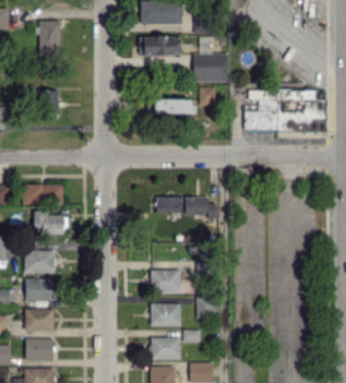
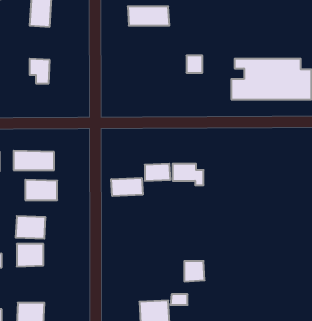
building: [193,53,229,82] -> none
building: [154,98,194,113] -> none
building: none -> [111,178,143,196]
building: [151,270,181,292] -> none
building: [151,303,180,326] -> none
building: [24,309,55,331] -> none

